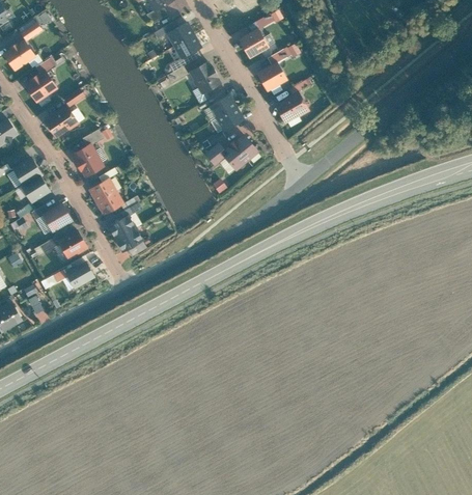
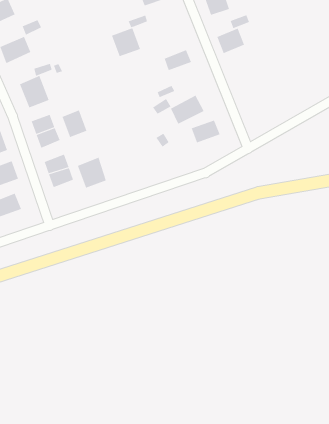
building: [189,61,220,92] -> [111,27,141,57]
building: [273,91,307,123] -> none
building: [215,105,245,131] -> [191,120,220,143]
building: none -> [62,110,87,138]
building: none -> [77,157,107,189]

